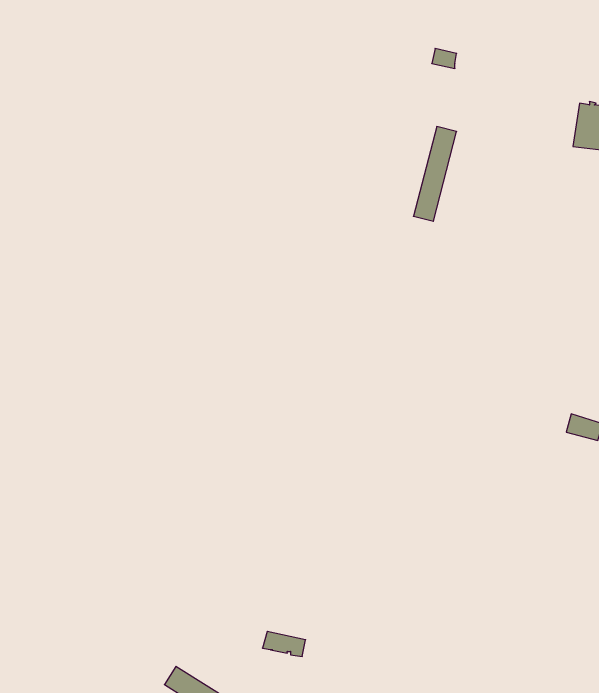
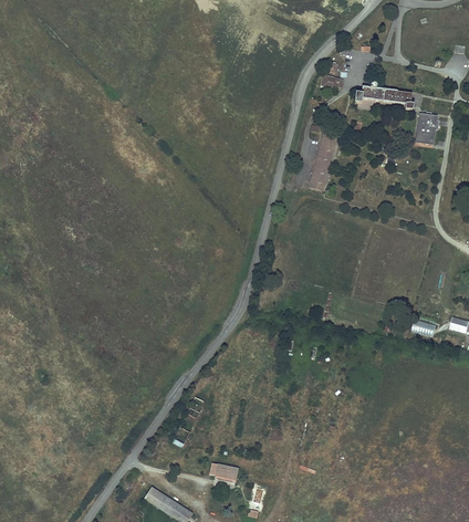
building: none -> [354,83,414,111]

